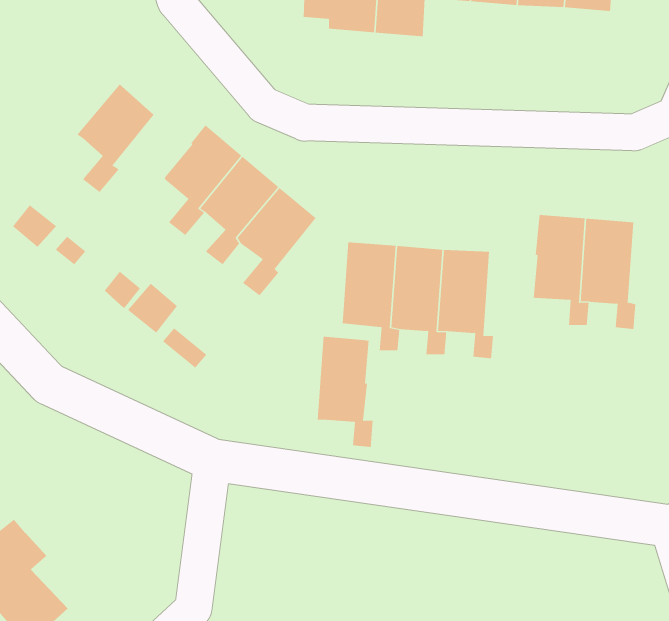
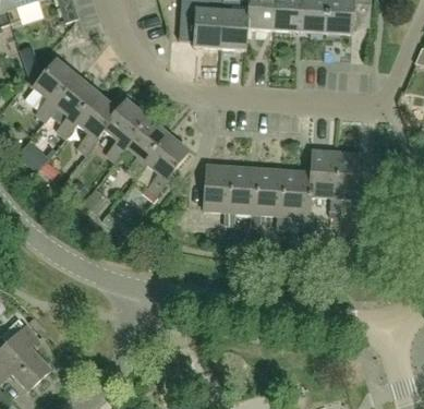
building: none -> [25,58,77,119]
building: none -> [74,93,118,153]
building: [317,336,374,448] -> [281,169,313,231]

